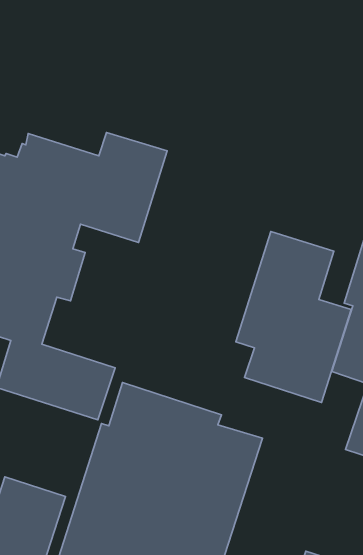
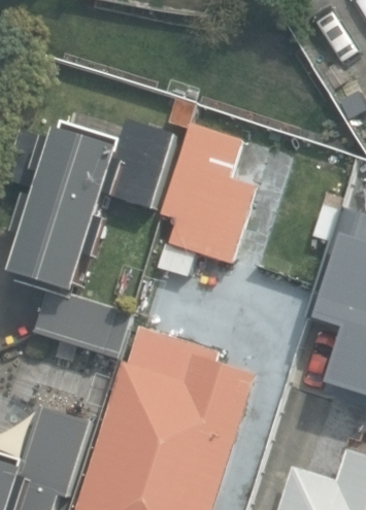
building: [236,231,351,402] -> [160,122,256,264]

